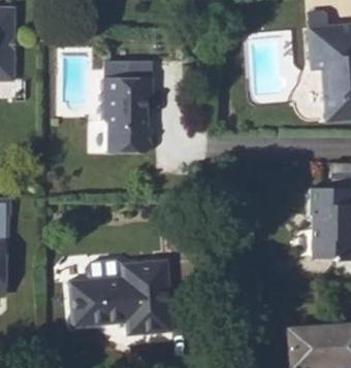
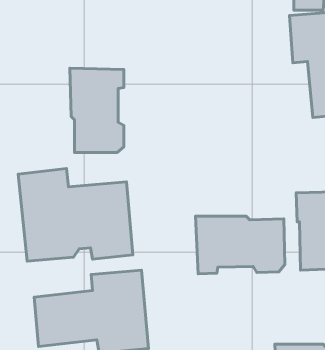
building: none -> [18,168,133,261]
building: none -> [196,216,285,274]

